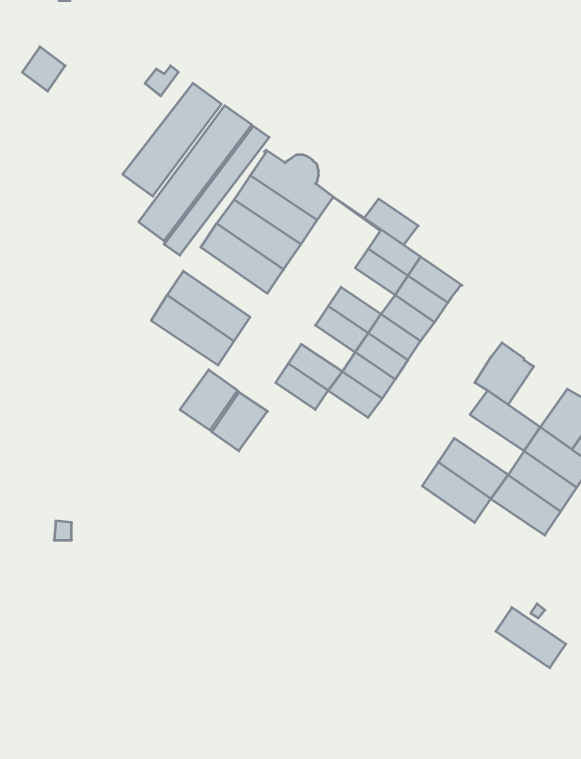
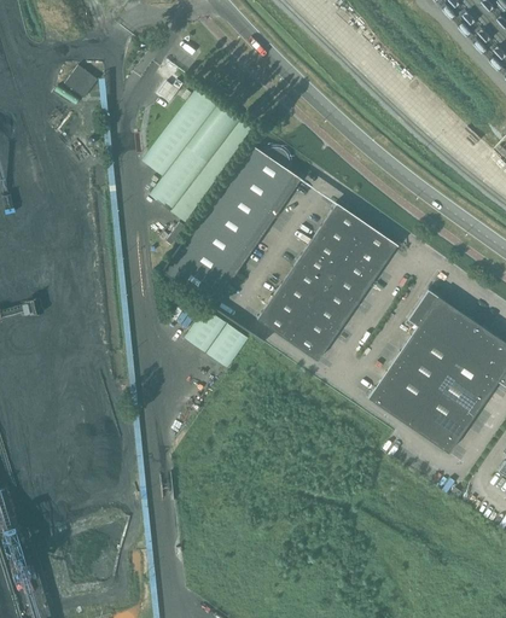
building: [364,199,418,245] -> [307,233,348,268]
building: none -> [187,217,251,270]
building: none -> [277,276,318,311]
building: none -> [434,308,478,354]
building: none -> [287,326,327,361]
building: none -> [392,344,446,390]
building: [496,607,566,668] -> [408,408,461,454]

